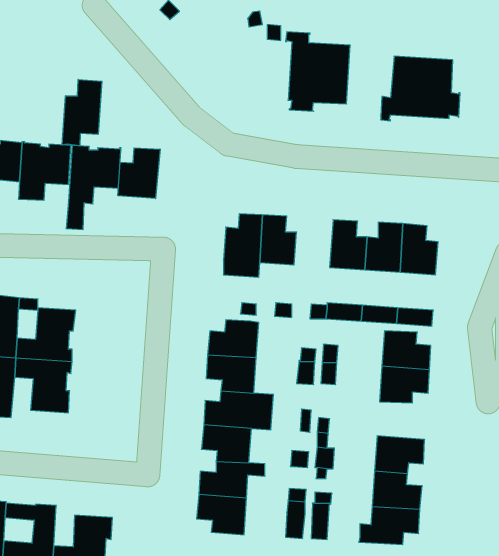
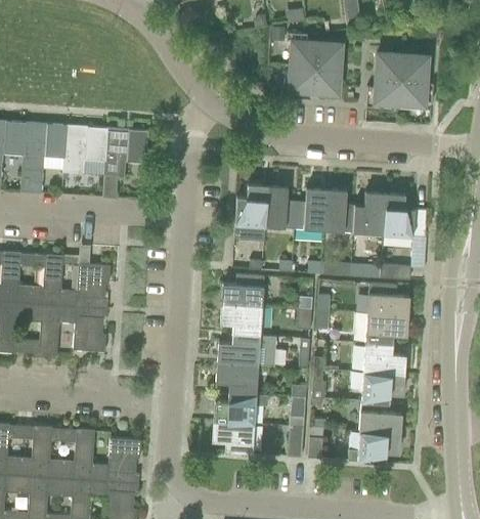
building: [62,79,102,146] -> none
building: [118,148,160,199] -> none
building: none -> [294,188,326,230]
building: none -> [363,343,404,375]

